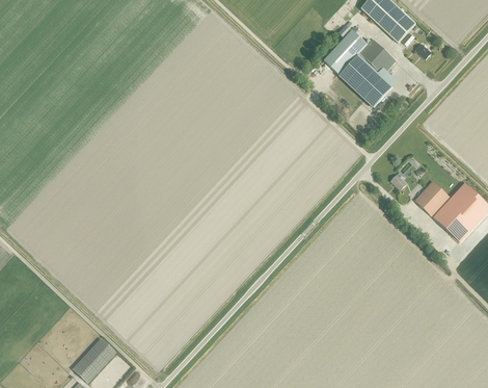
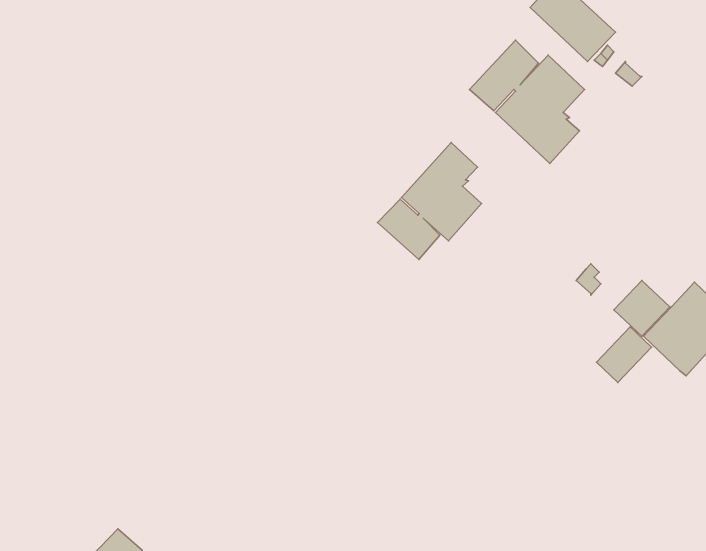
building: none -> [378,142,482,260]
building: none -> [597,327,651,382]

